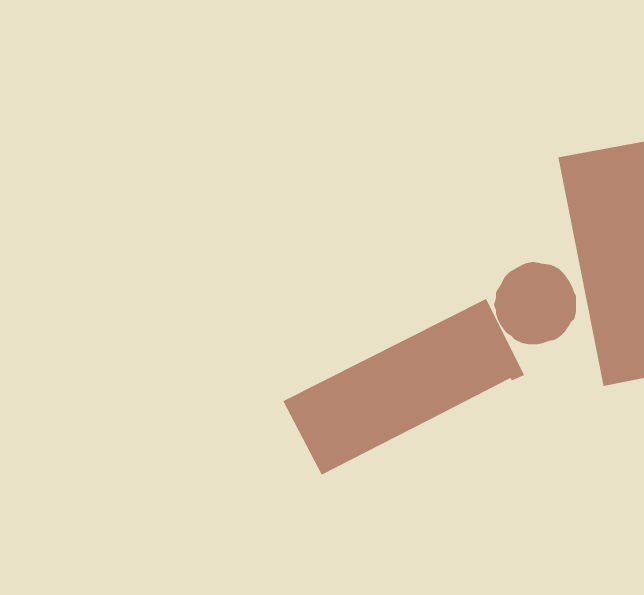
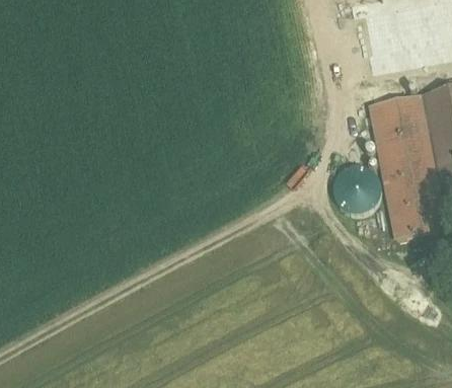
building: [283,298,525,476] -> none

